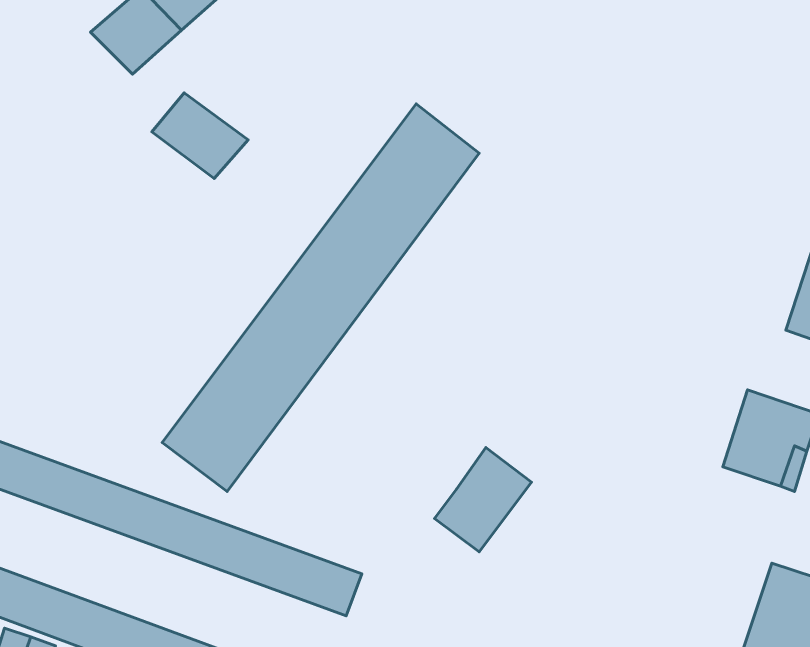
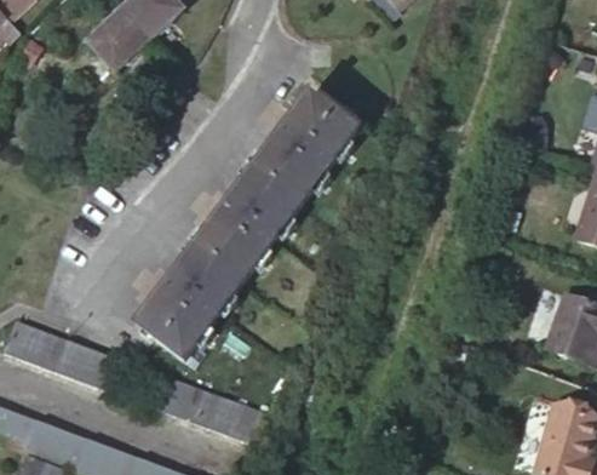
building: [152,93,248,178] -> none
building: [435,448,531,552] -> none

